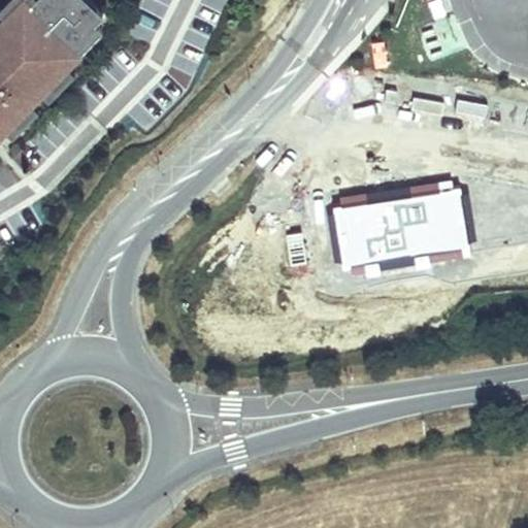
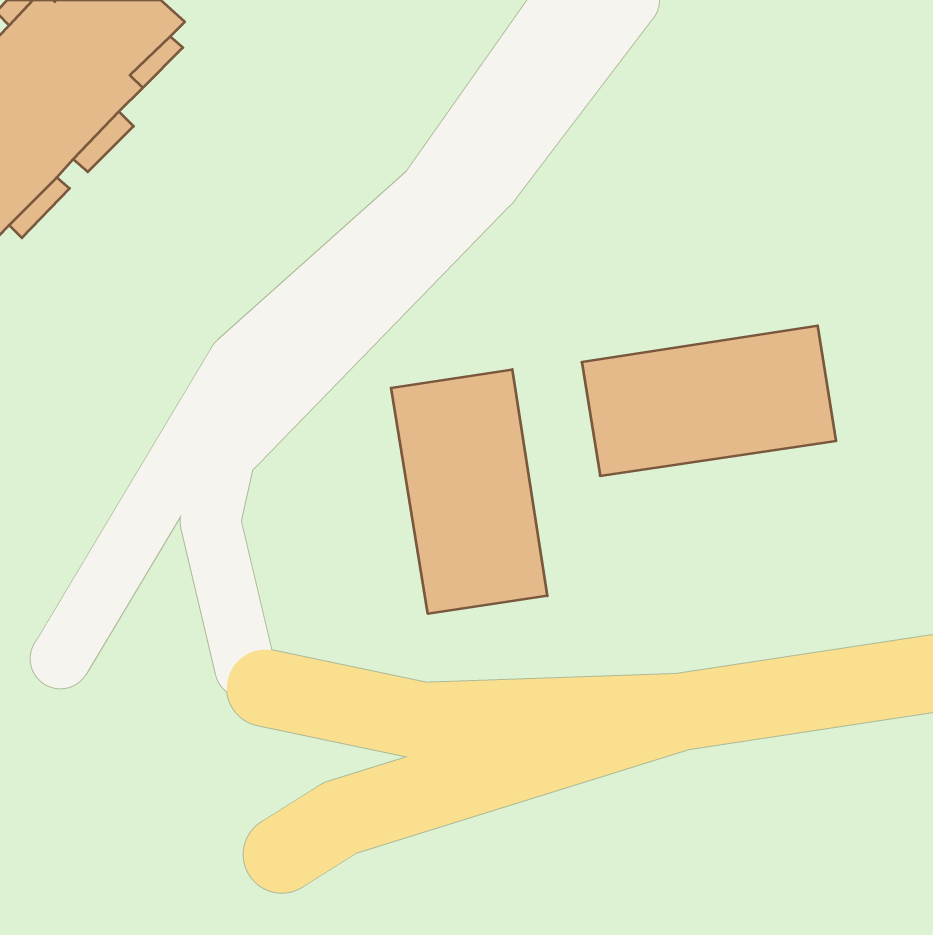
building: none -> [391,369,547,614]

